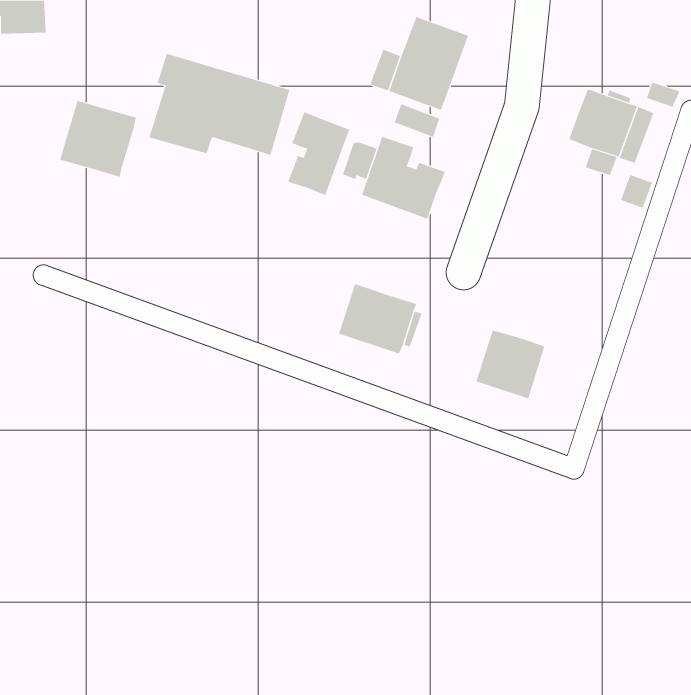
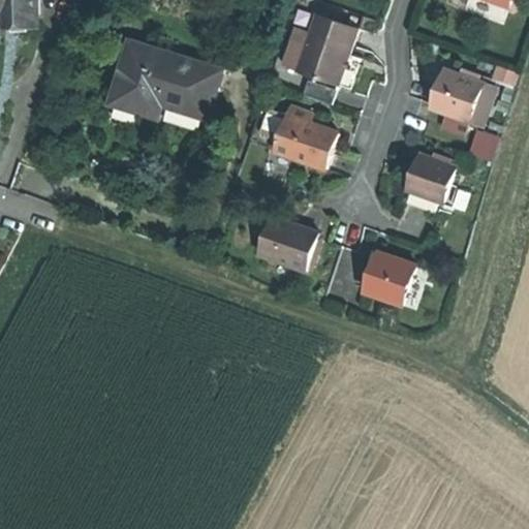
building: [60,100,136,178] -> none
building: [288,111,350,196] -> none
building: none -> [404,152,453,199]

